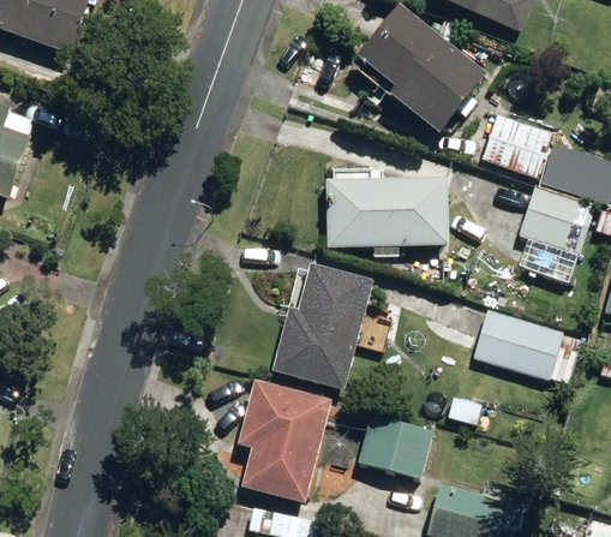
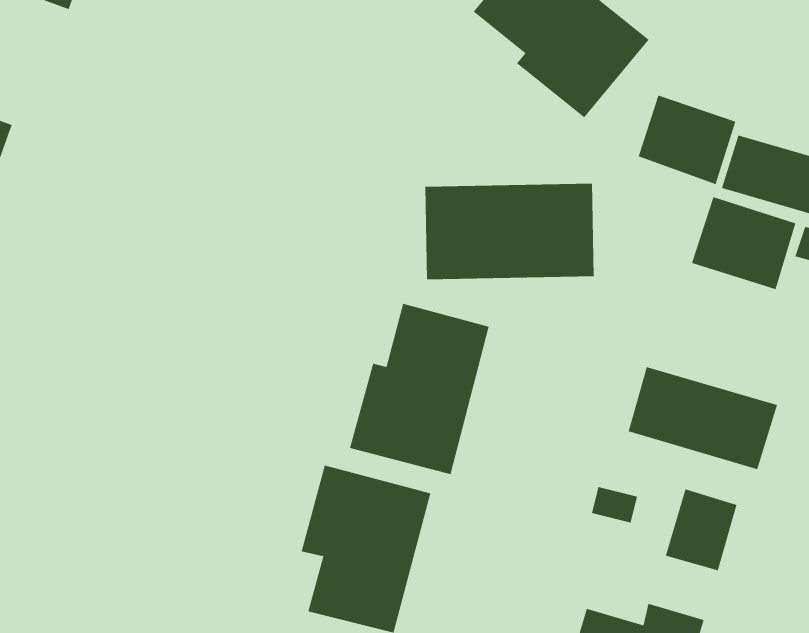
building: none -> [665,488,737,571]
building: [359,417,432,477] -> none

